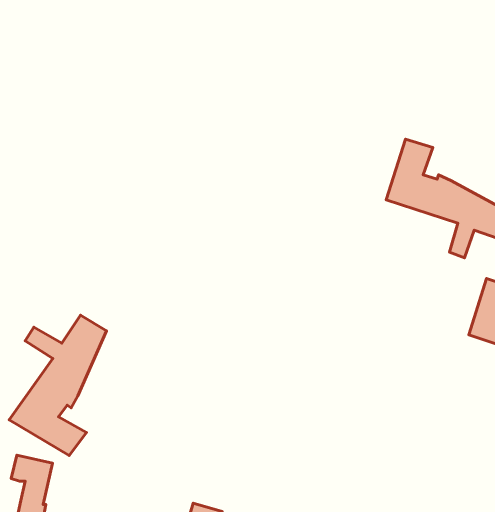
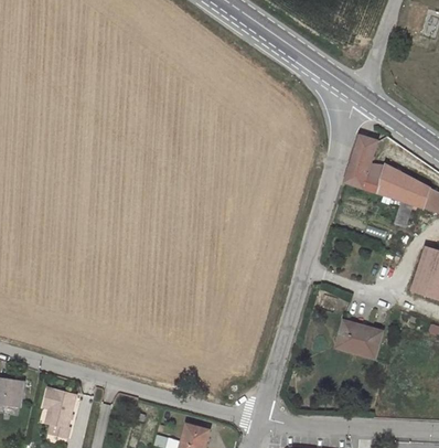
building: [9,315,106,456] -> none
building: none -> [334,318,383,359]

